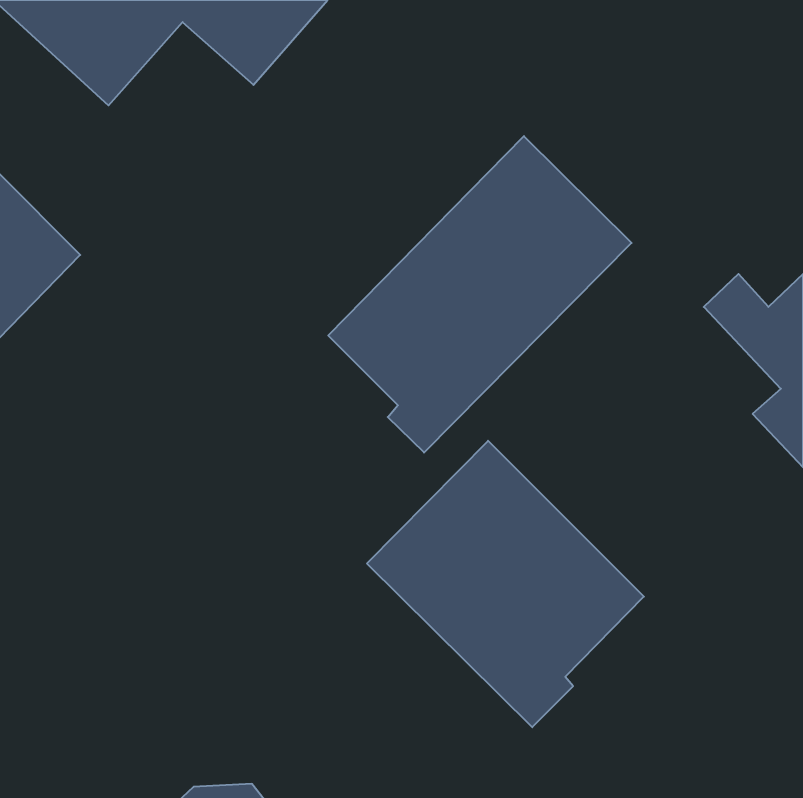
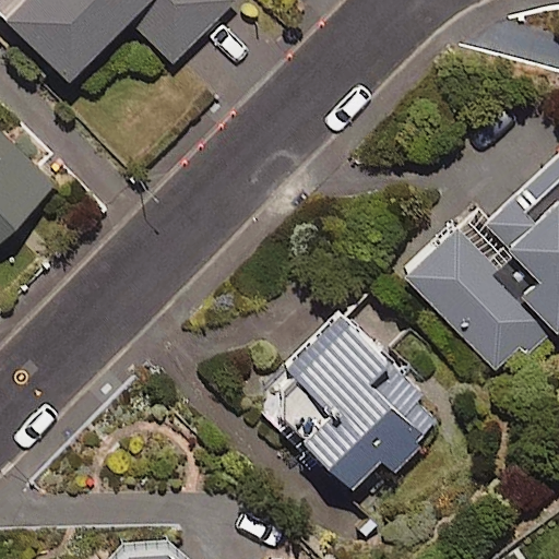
building: [328,136,632,453] -> none
building: none -> [404,223,552,369]

